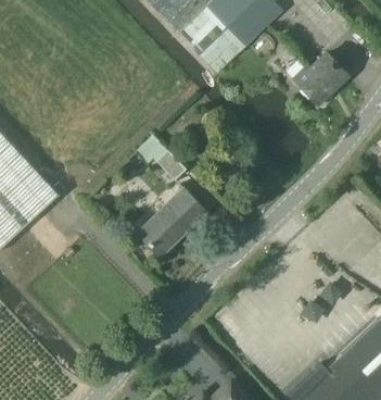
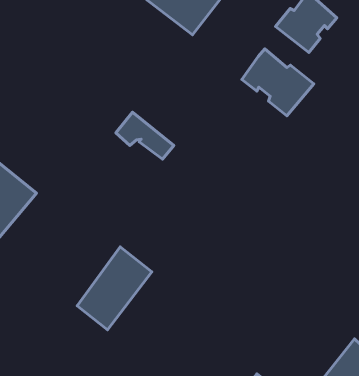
building: none -> [242,49,314,116]
building: [137,186,207,258] -> [77,247,152,330]

